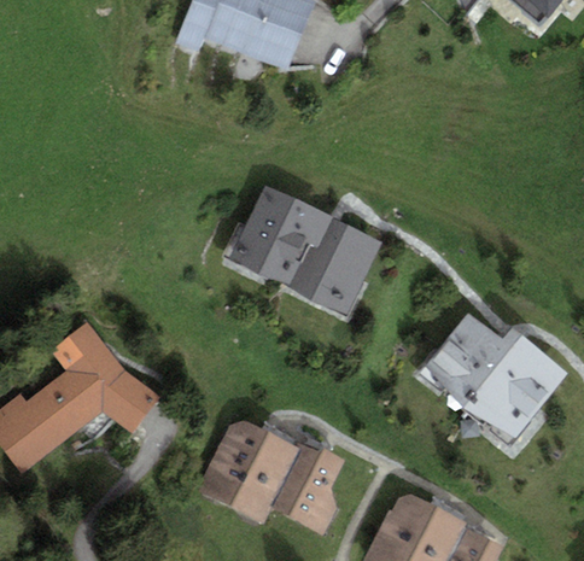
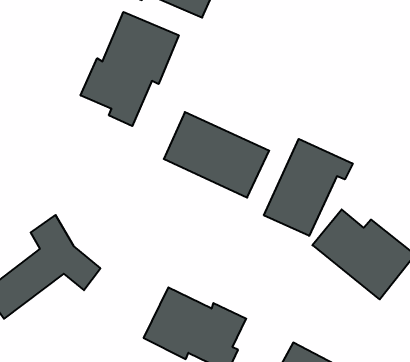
building: none -> [81,12,179,126]
building: none -> [264,139,353,236]

